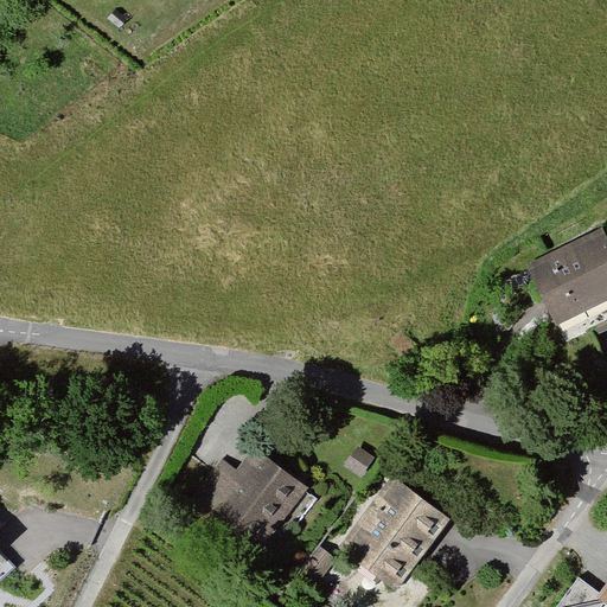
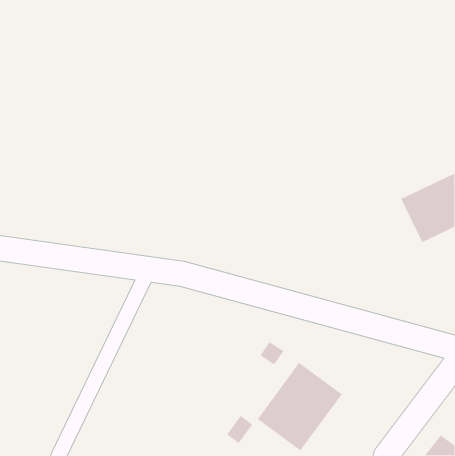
building: [191,447,317,558] -> none

